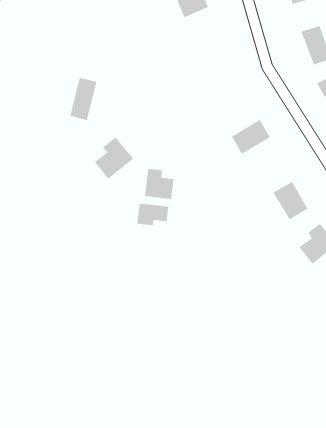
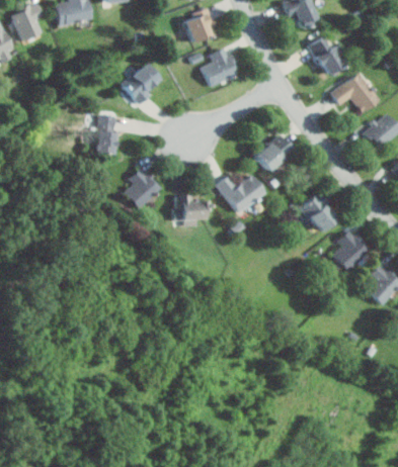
building: none -> [201,49,236,87]
building: none -> [121,64,162,104]
building: none -> [216,175,264,213]
building: [137,203,169,226] -> none

